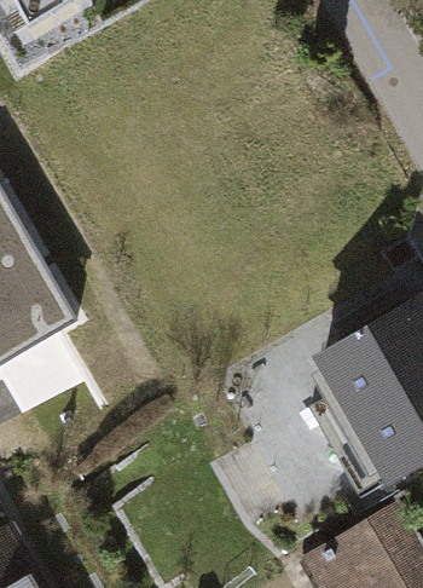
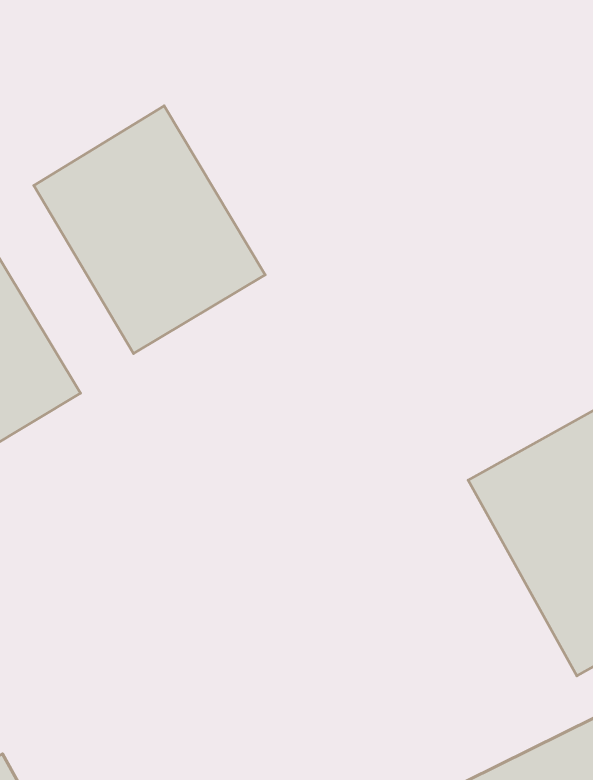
building: none -> [34,106,265,354]

